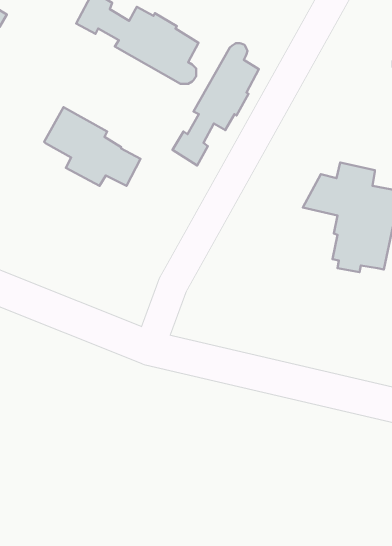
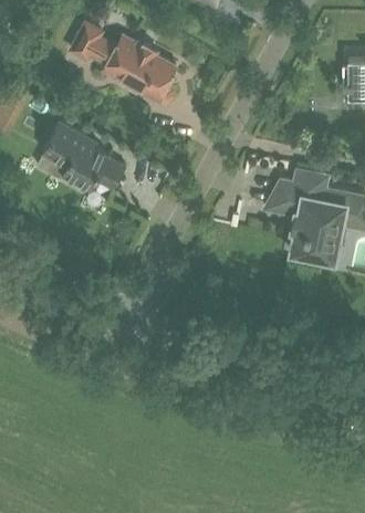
building: [173,43,259,166] -> none

